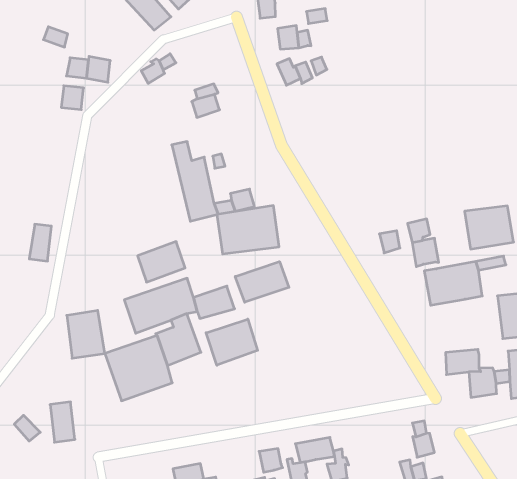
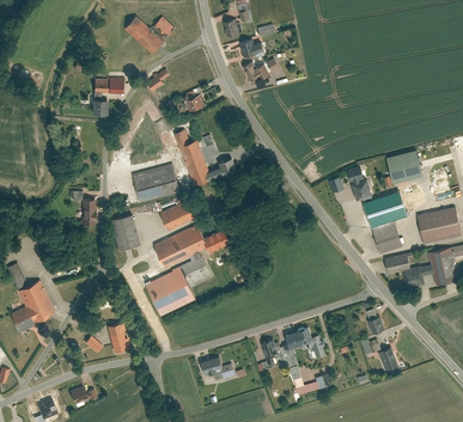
building: [217,206,279,254] -> [132,164,178,202]
building: [235,262,289,302] -> none
building: none -> [370,219,402,252]
building: [67,310,105,358] -> [110,214,140,250]
building: [206,319,258,365] -> none

